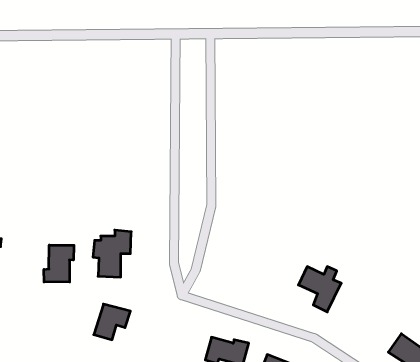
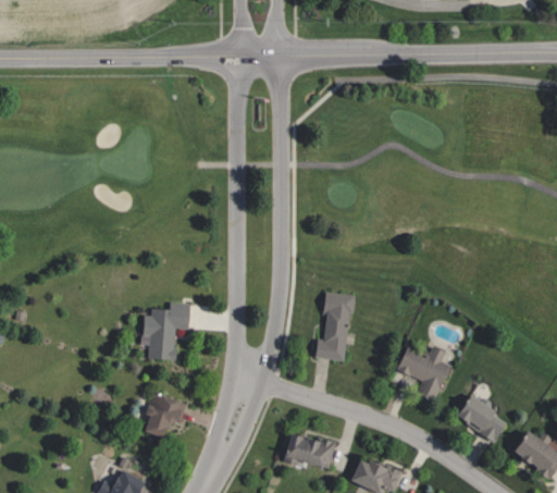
building: none -> [315,291,354,360]
building: [44,245,74,282] -> none
building: none -> [455,395,509,443]

